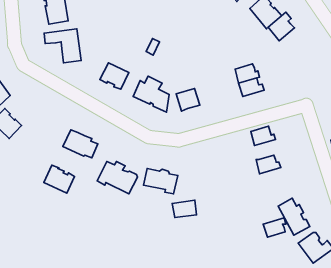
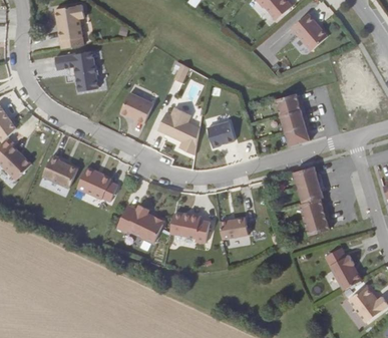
building: [268,12,294,41] -> none
building: none -> [284,123,310,146]
building: none -> [297,180,323,203]
building: [44,165,75,193] -> [43,155,78,188]
building: [172,200,197,218] -> [220,218,248,238]
building: [263,218,286,237] -> [303,212,329,234]

